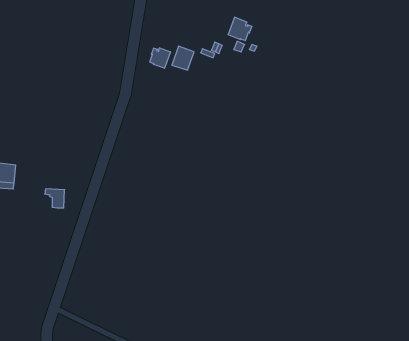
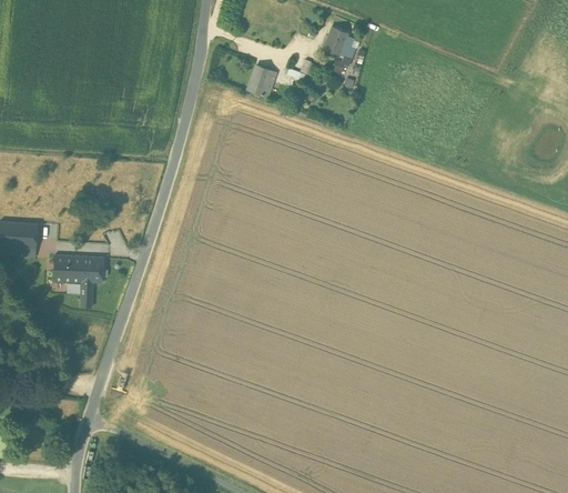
building: [150,48,170,68] -> none
building: none -> [53,254,93,305]

